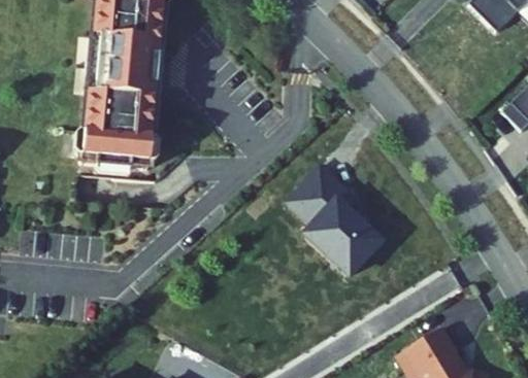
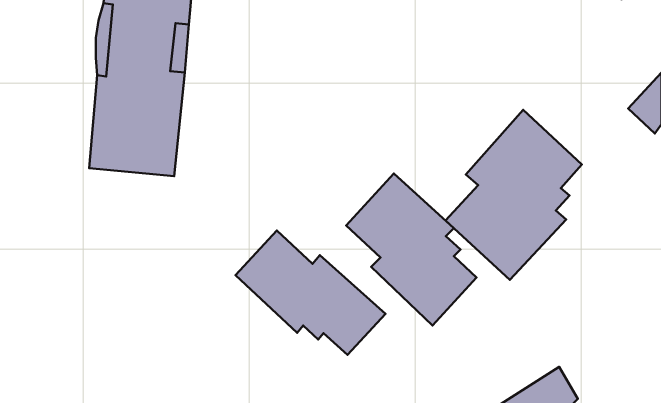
building: none -> [446,110,582,280]
building: none -> [235,231,386,355]

